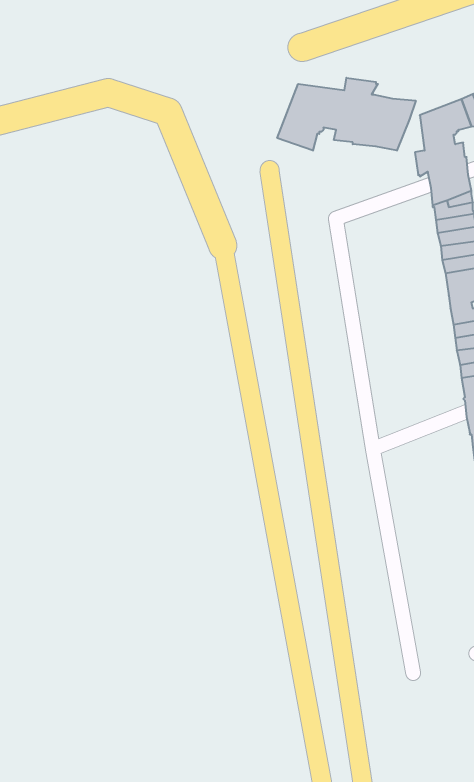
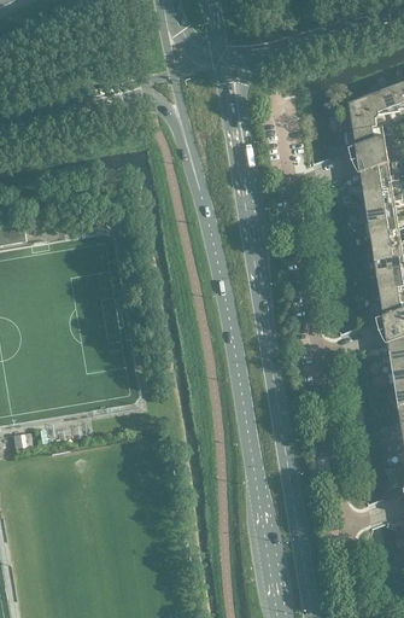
building: [277,78,416,151] -> none

